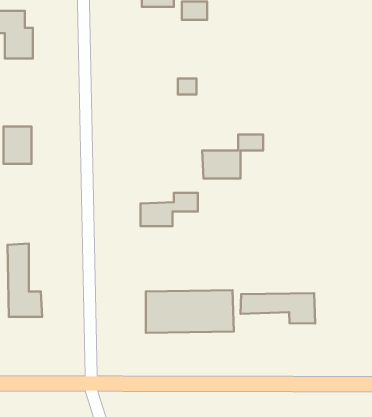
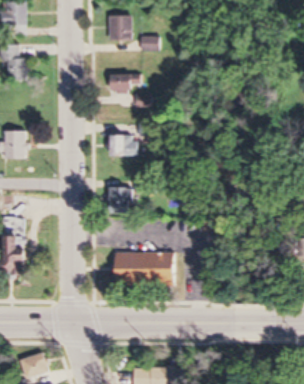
building: none -> [110,74,138,92]
building: [202,135,263,179] -> [109,123,155,156]
building: [240,293,315,323] -> none

